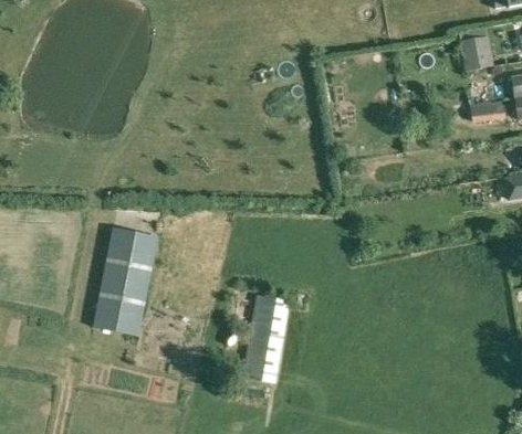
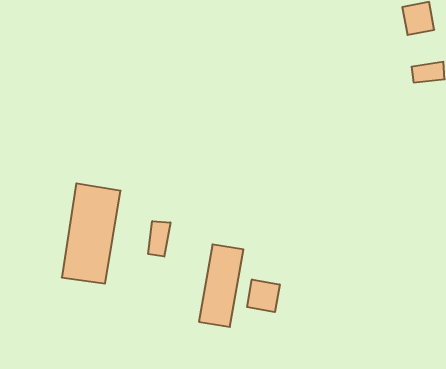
building: none -> [148,221,170,257]
building: none -> [247,279,280,312]

